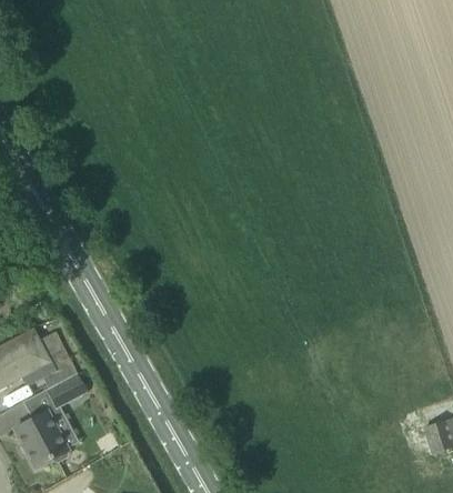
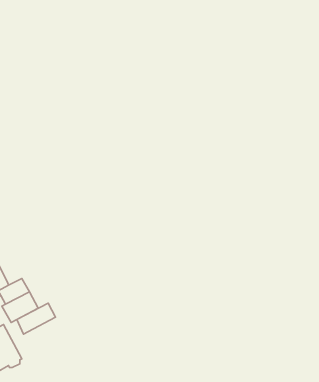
building: none -> [17,303,56,334]

